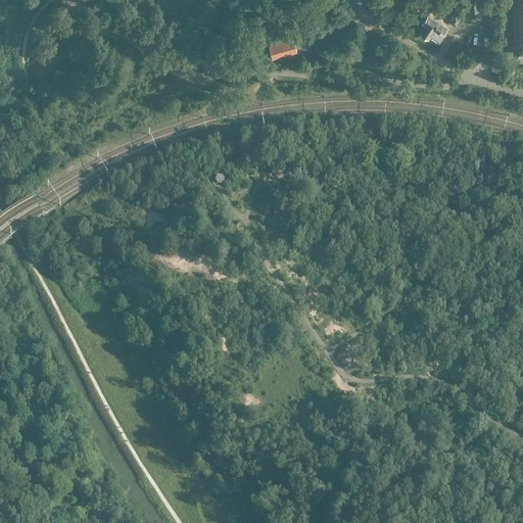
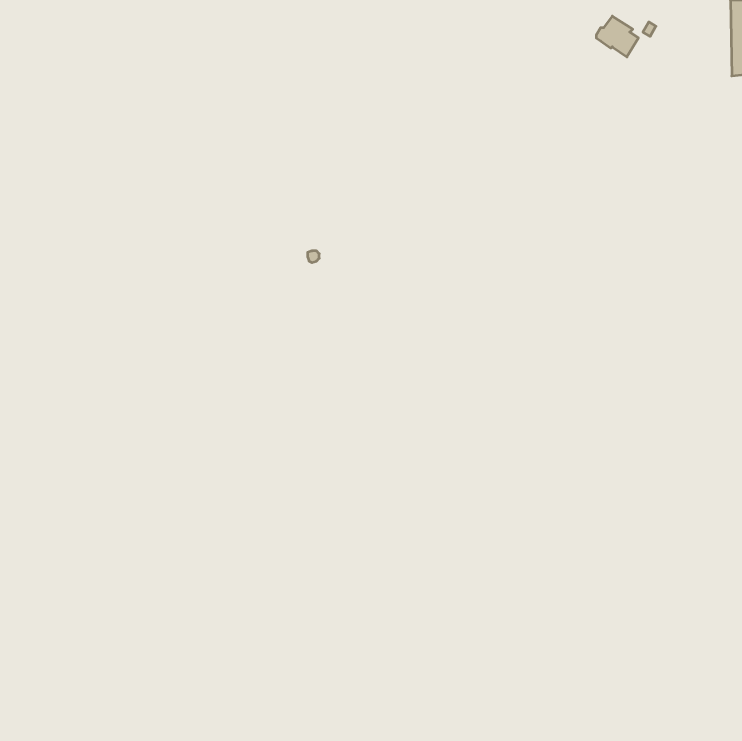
building: [272,40,299,61] -> none

